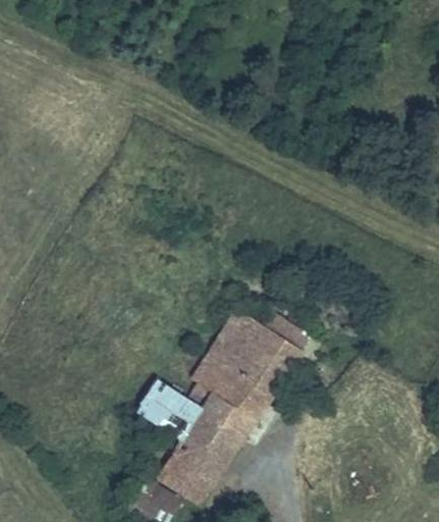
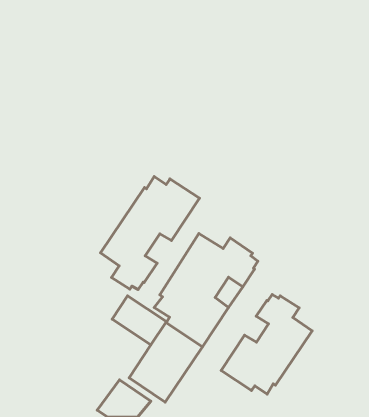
building: none -> [100,176,199,290]
building: none -> [221,295,312,394]

